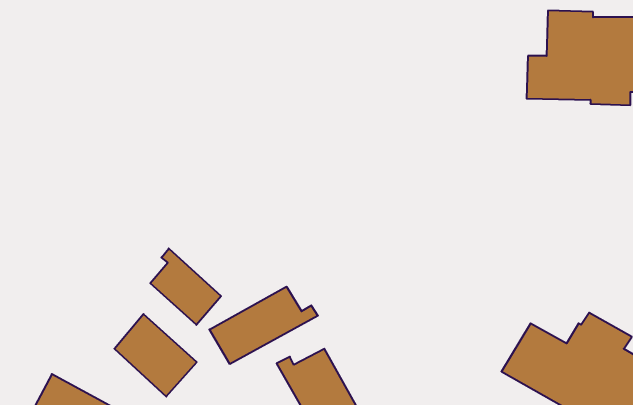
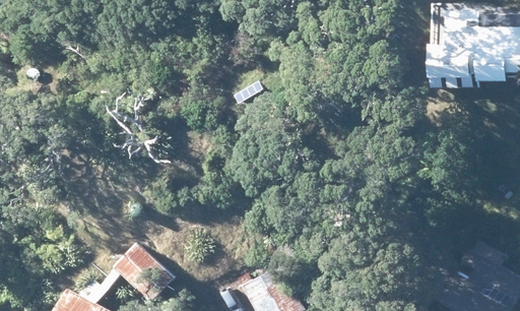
building: [150,248,221,325] -> none
building: [209,287,318,364] -> none

